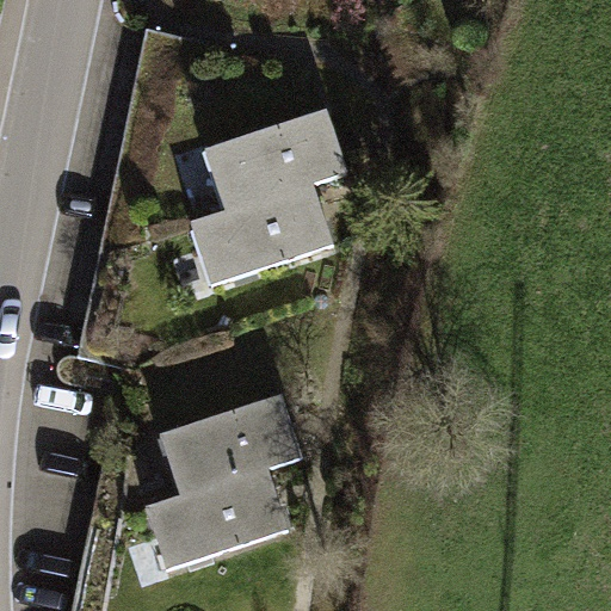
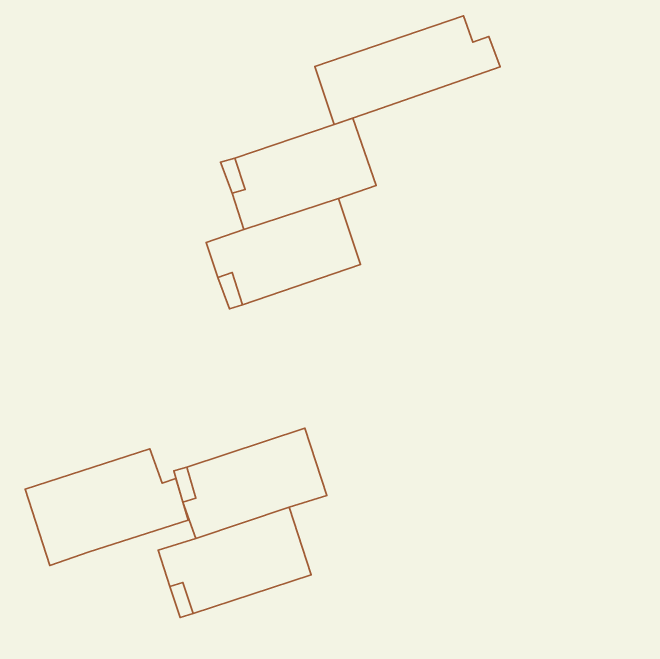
building: none -> [315,16,500,124]
building: none -> [25,449,188,565]

